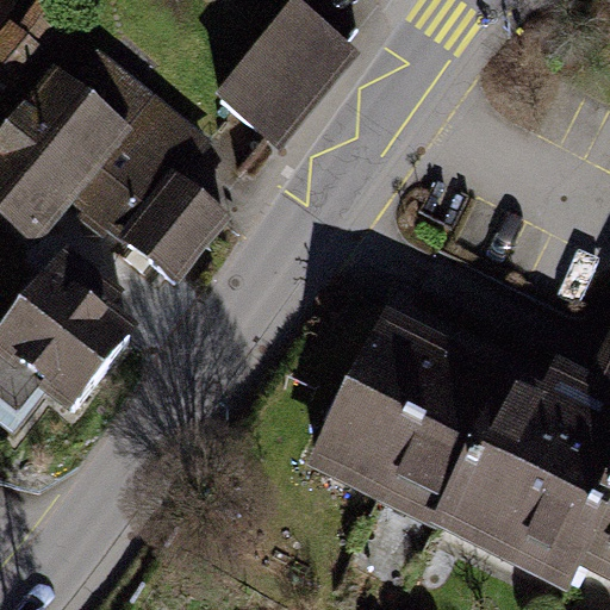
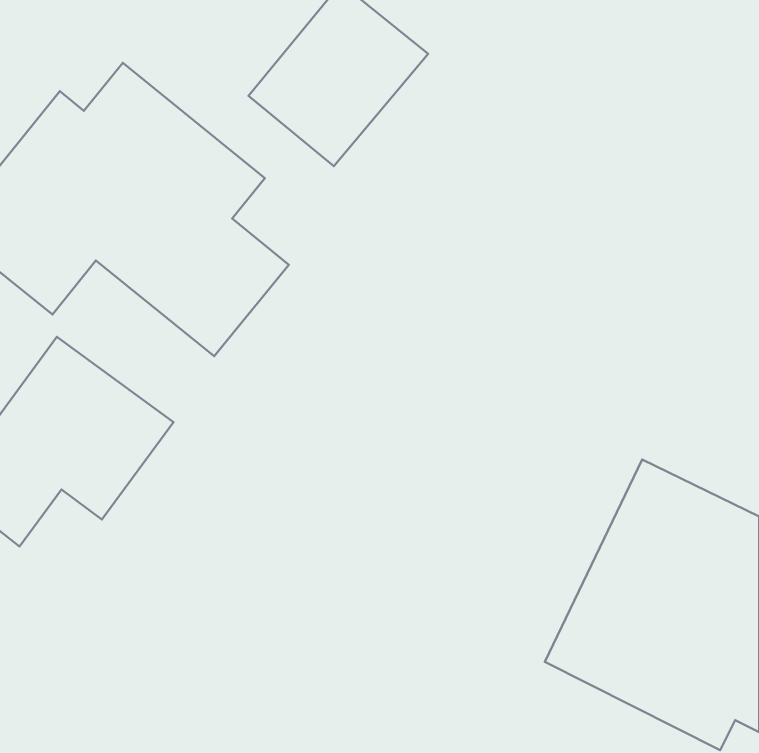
building: [311,307,511,527] -> none

